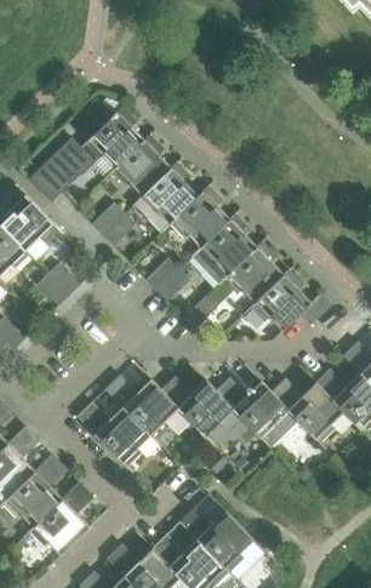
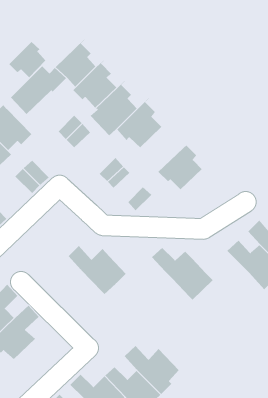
building: none -> [6,41,46,78]
building: [192,209,256,282] -> none
building: [251,264,332,331] -> none
building: [160,376,242,440] -> none
building: [269,377,343,444] -> none
building: [76,403,149,468] -> none
building: [28,481,93,555] -> none

